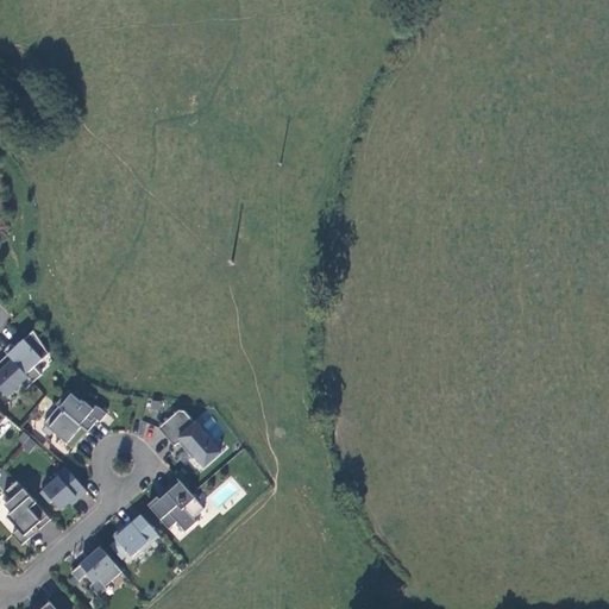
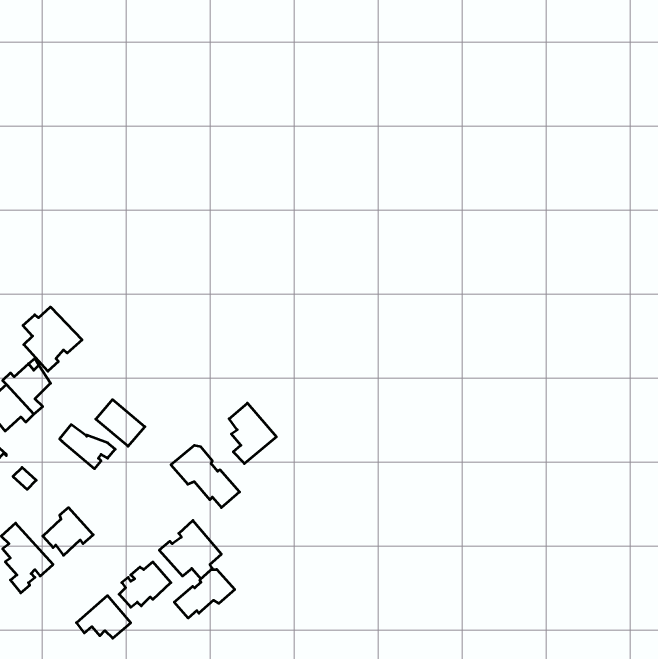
building: none -> [23,307,82,371]
building: none -> [229,403,276,464]
building: [42,406,87,448] -> [96,400,145,446]
building: none -> [174,569,235,618]

